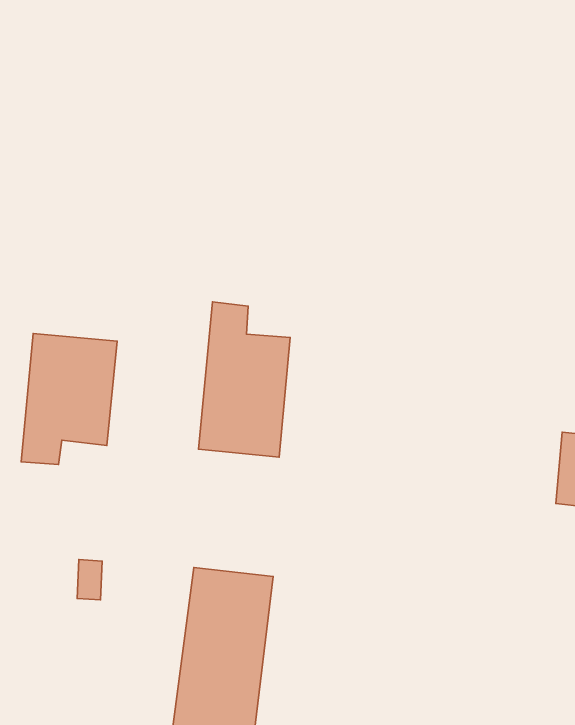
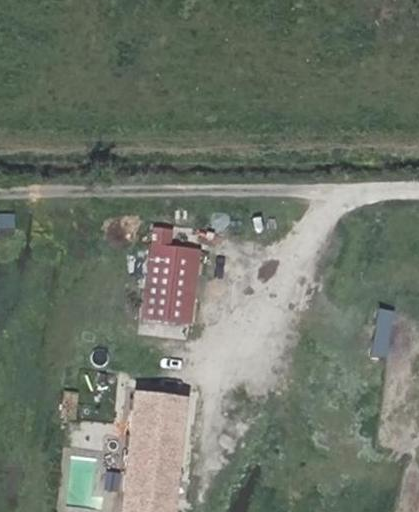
building: [21,333,117,464] -> none

